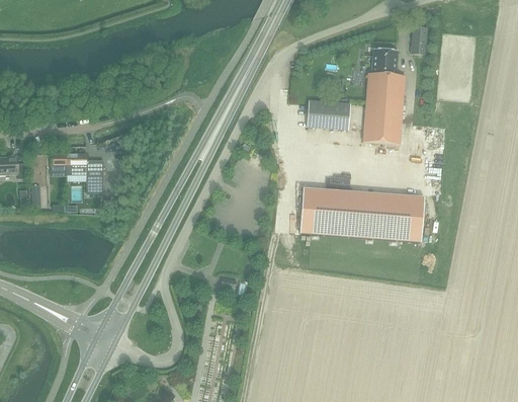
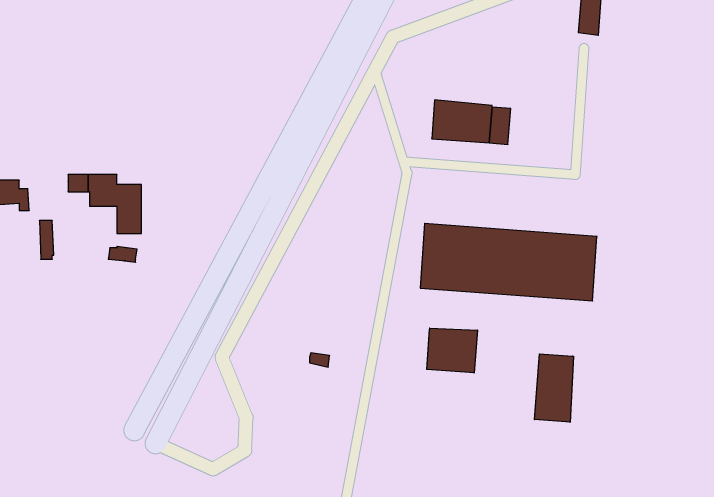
building: [363,49,405,143] -> none
building: none -> [427,328,477,373]
building: none -> [535,354,574,422]

